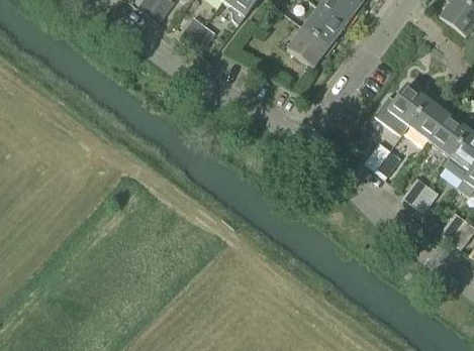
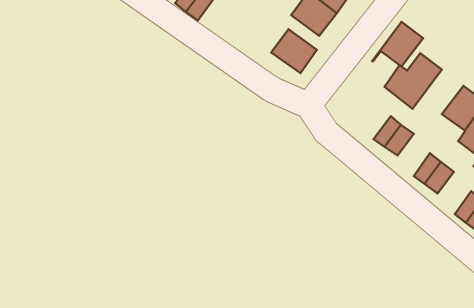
building: none -> [271,29,317,73]
building: [400,98,448,139] -> [372,22,423,66]

